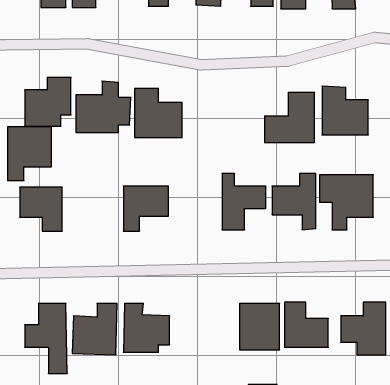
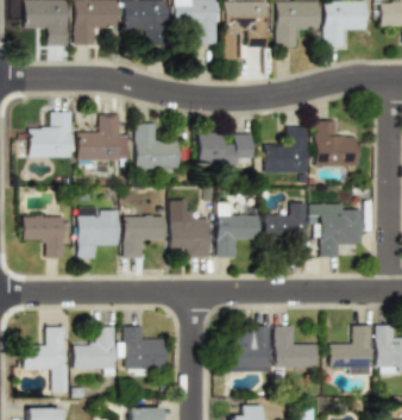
building: none -> [196,132,251,165]
building: [8,127,51,181] -> [78,207,120,258]
building: none -> [170,201,211,258]

